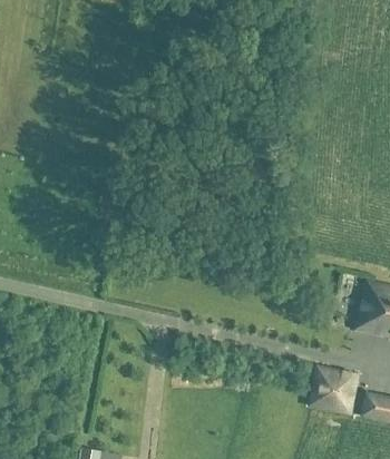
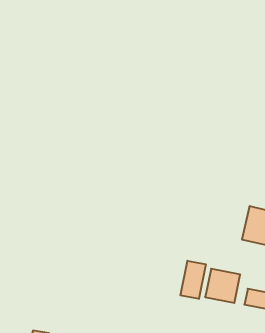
building: none -> [180,261,206,299]

